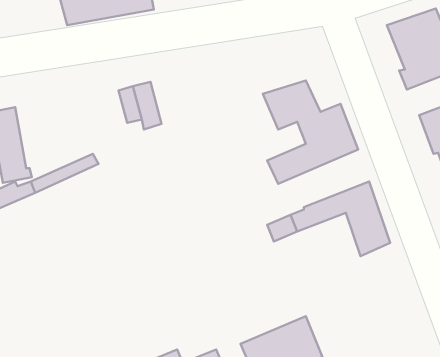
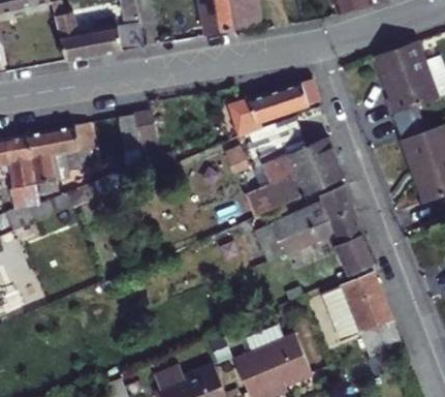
building: none -> [235,75,315,121]
building: none -> [23,125,93,194]
building: none -> [284,184,352,231]
building: none -> [326,271,403,356]

